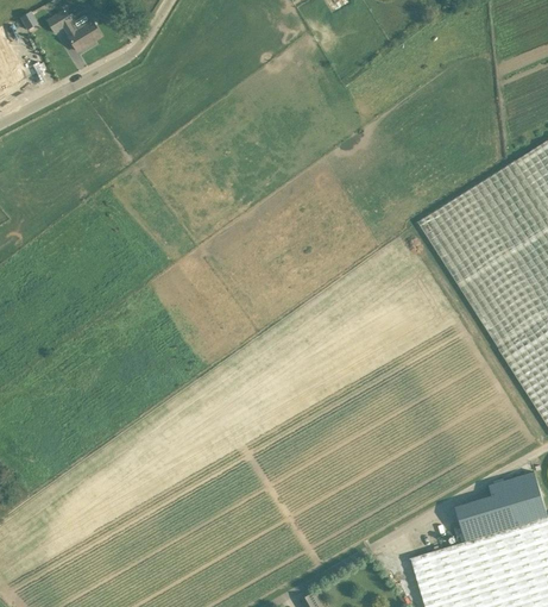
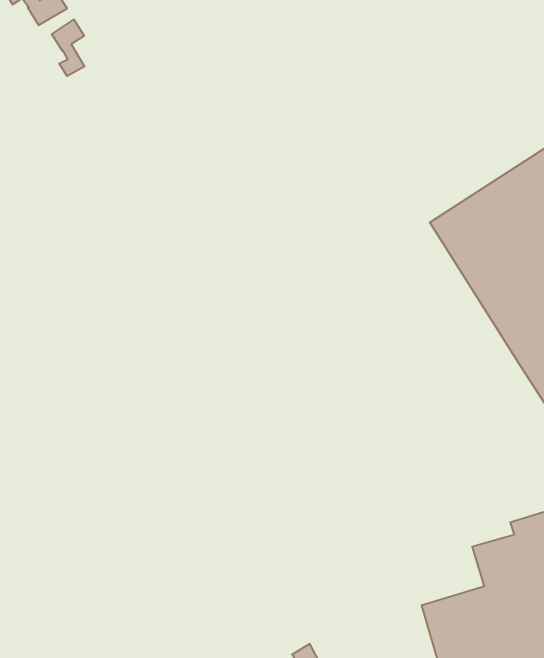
building: none -> [52,19,84,76]

